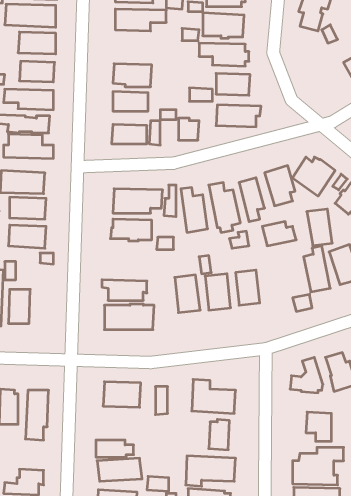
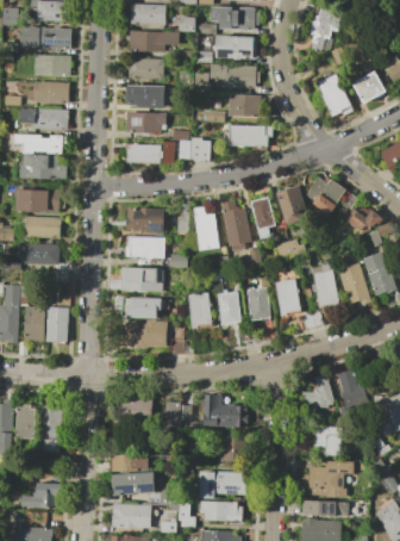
building: none -> [127,58,164,75]
building: none -> [315,74,352,117]
building: [307,209,332,246] -> [275,279,300,315]
building: none -> [110,266,163,291]
building: none -> [46,306,67,342]

